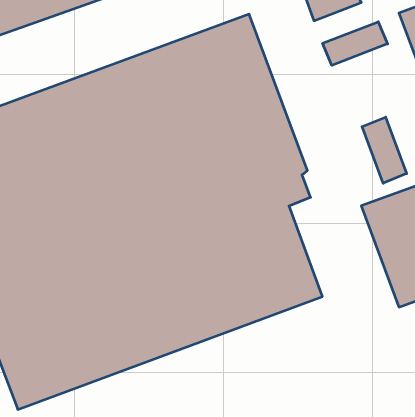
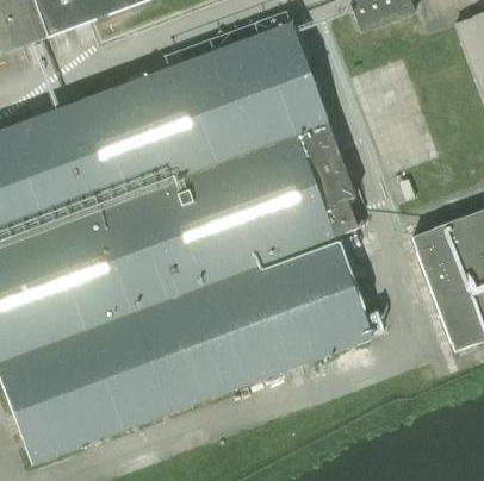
building: [323,22,388,65] -> none
building: [362,117,407,183] -> none

